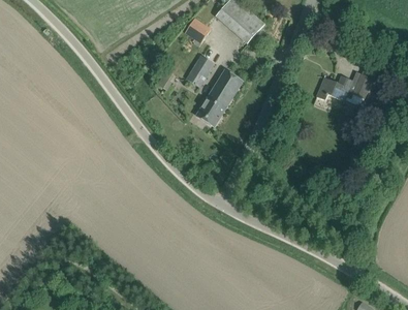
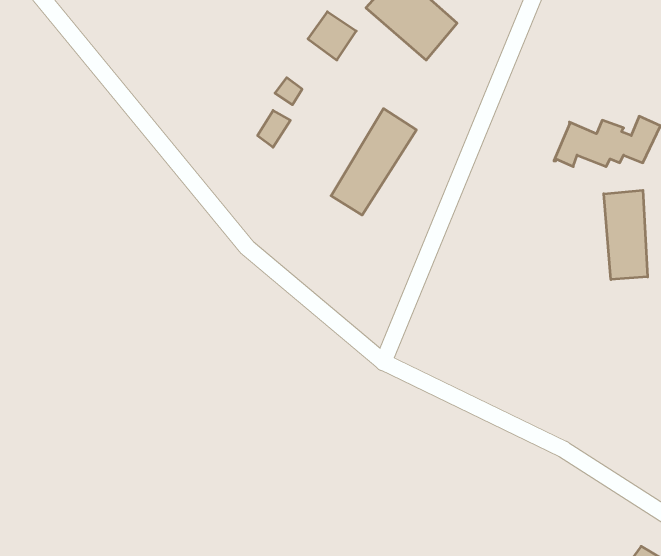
building: [186,55,214,87] -> none
building: none -> [604,190,648,280]

